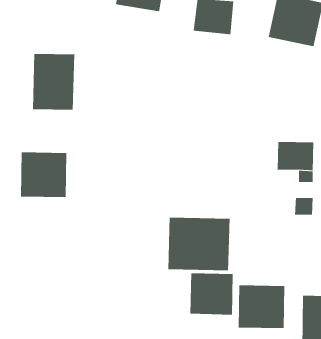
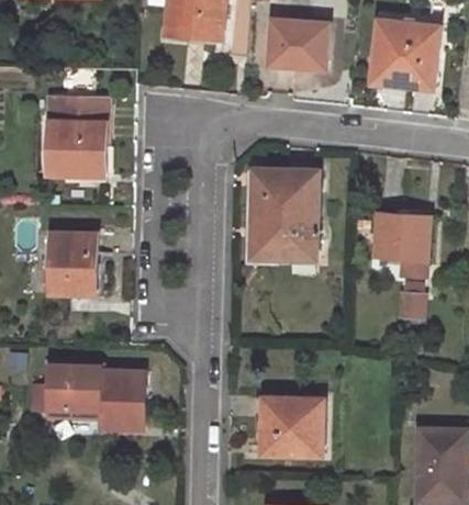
building: none -> [253,169,319,259]
building: [168,217,230,271] -> none
building: none -> [30,366,144,428]
building: [238,285,285,329] -> none

